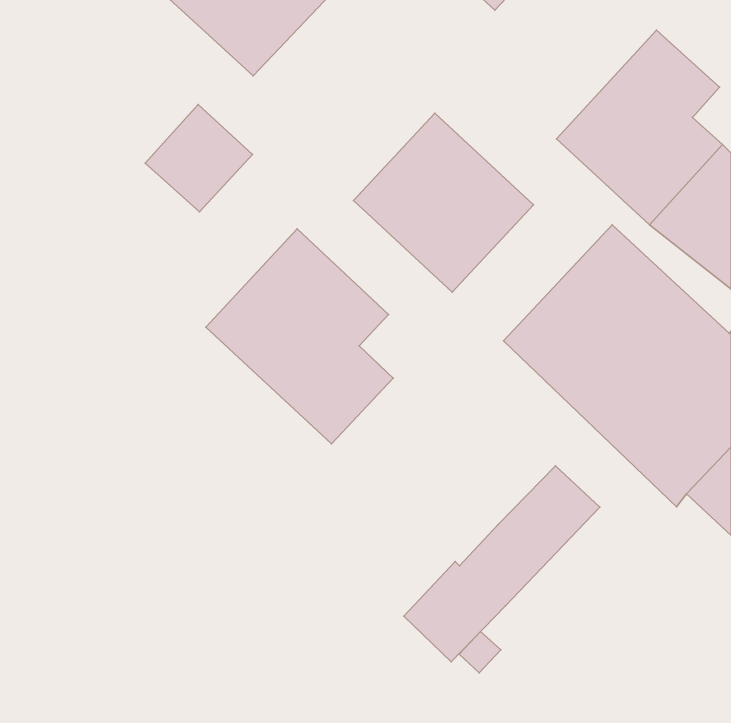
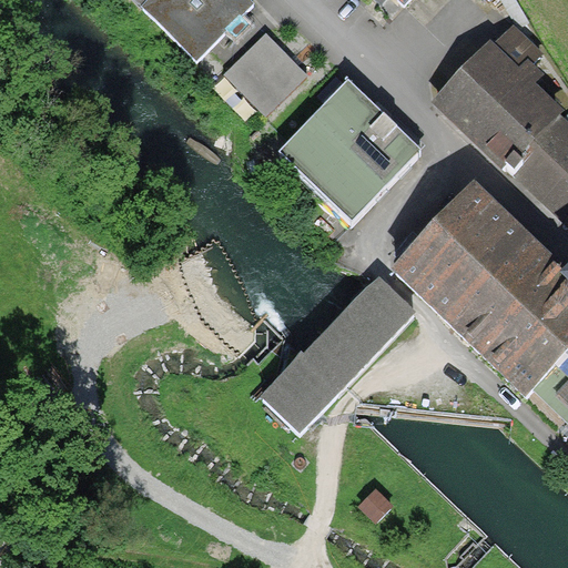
building: [145,104,253,212] -> [224,33,307,116]
building: [206,229,393,444] -> none
building: [404,466,600,662] -> [263,277,415,429]

